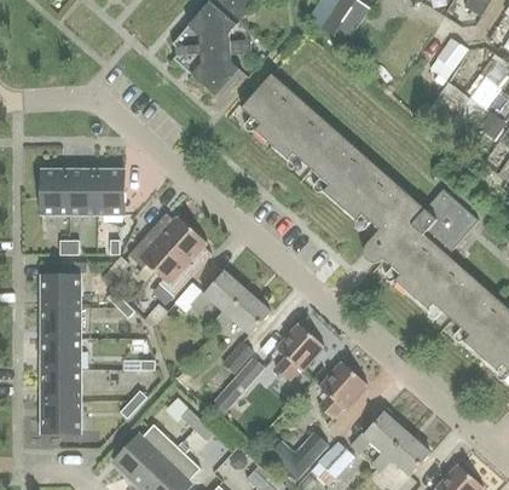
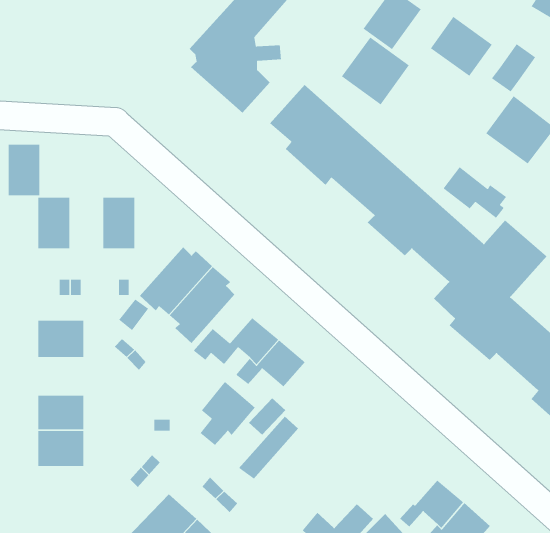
building: none -> [430,16,493,77]
building: none -> [341,36,410,105]
building: none -> [442,166,507,219]
building: [69,169,97,214] -> [8,144,40,196]
building: [41,307,81,339] -> none
building: [274,322,323,377] -> [199,381,256,446]
building: [317,361,366,416] -> none
building: [41,400,81,433] -> none

